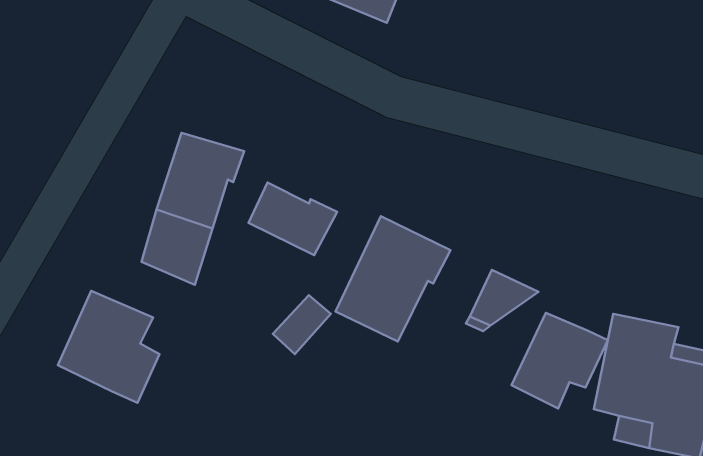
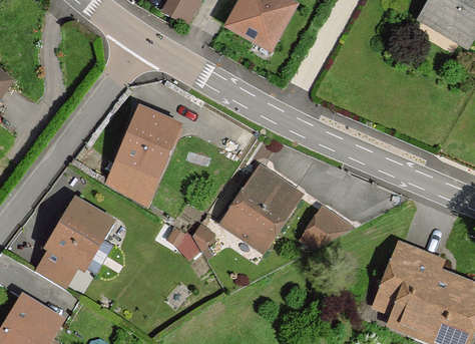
building: [248,182,337,255] -> none
building: [512,313,608,408] -> none
building: none -> [30,237,78,285]

